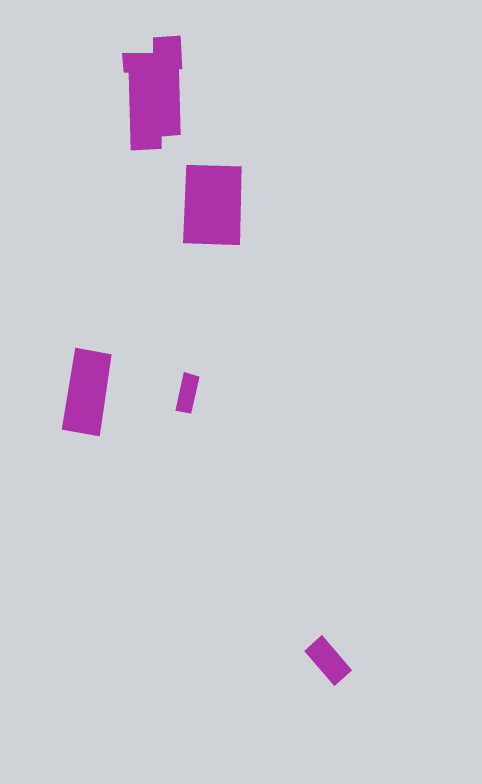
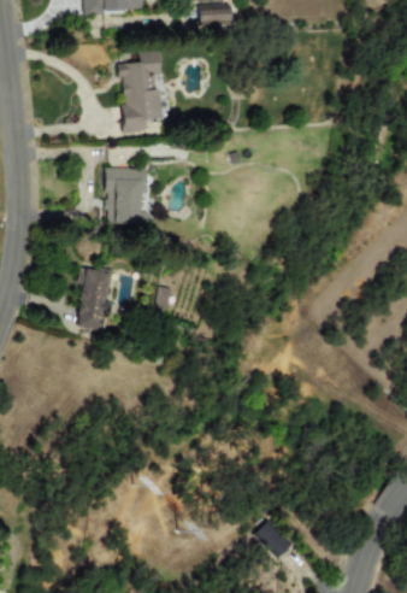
building: [182,164,242,245] -> [105,168,147,224]
building: [303,634,353,687] -> [254,521,289,558]

